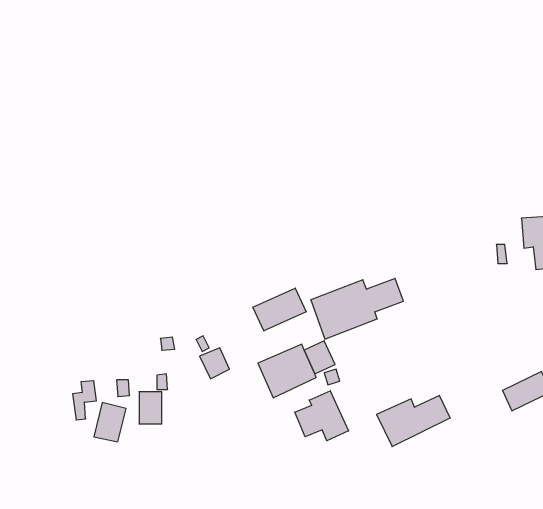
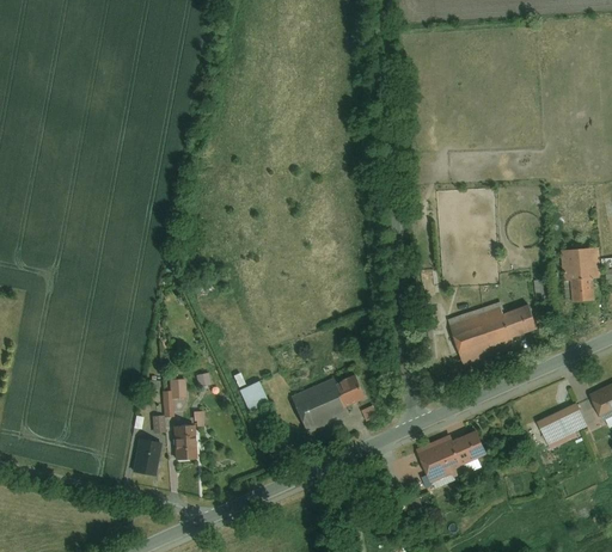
building: [311,278,403,339] -> [451,303,544,364]
building: [253,288,306,331] -> none
building: [73,381,96,420] -> [163,378,186,417]
building: [295,391,349,441] -> none

